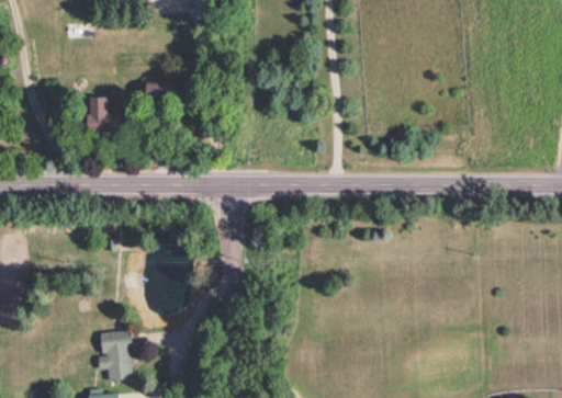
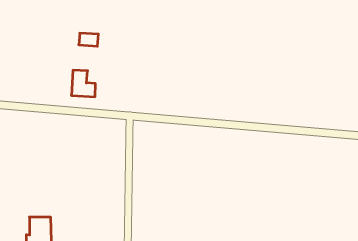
building: [88,96,121,132] -> [71,70,95,97]

